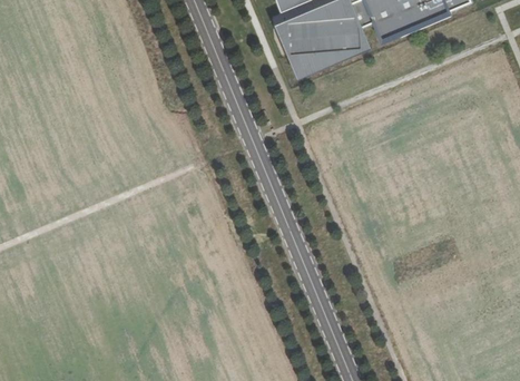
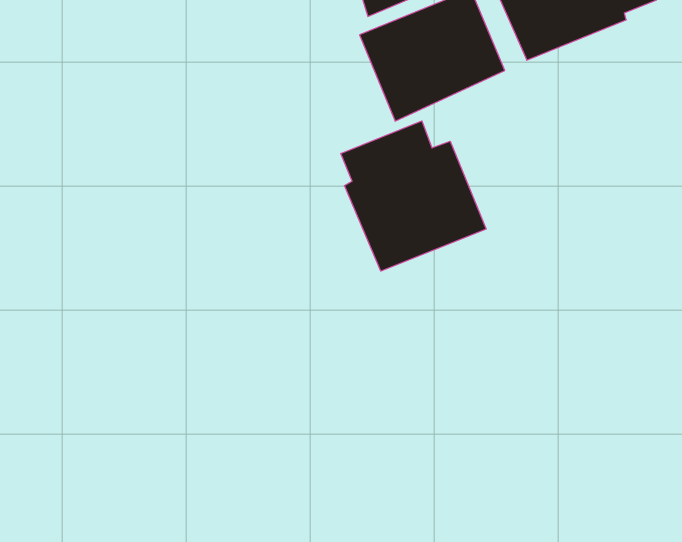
building: none -> [341,121,486,271]

